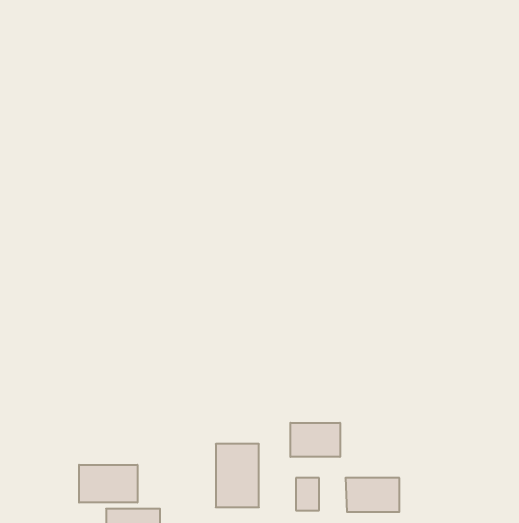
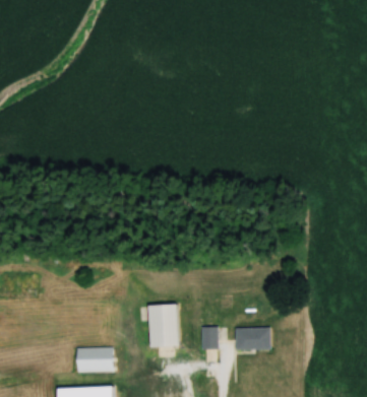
building: [290,423,340,457] -> none
building: [79,465,137,503] -> none

